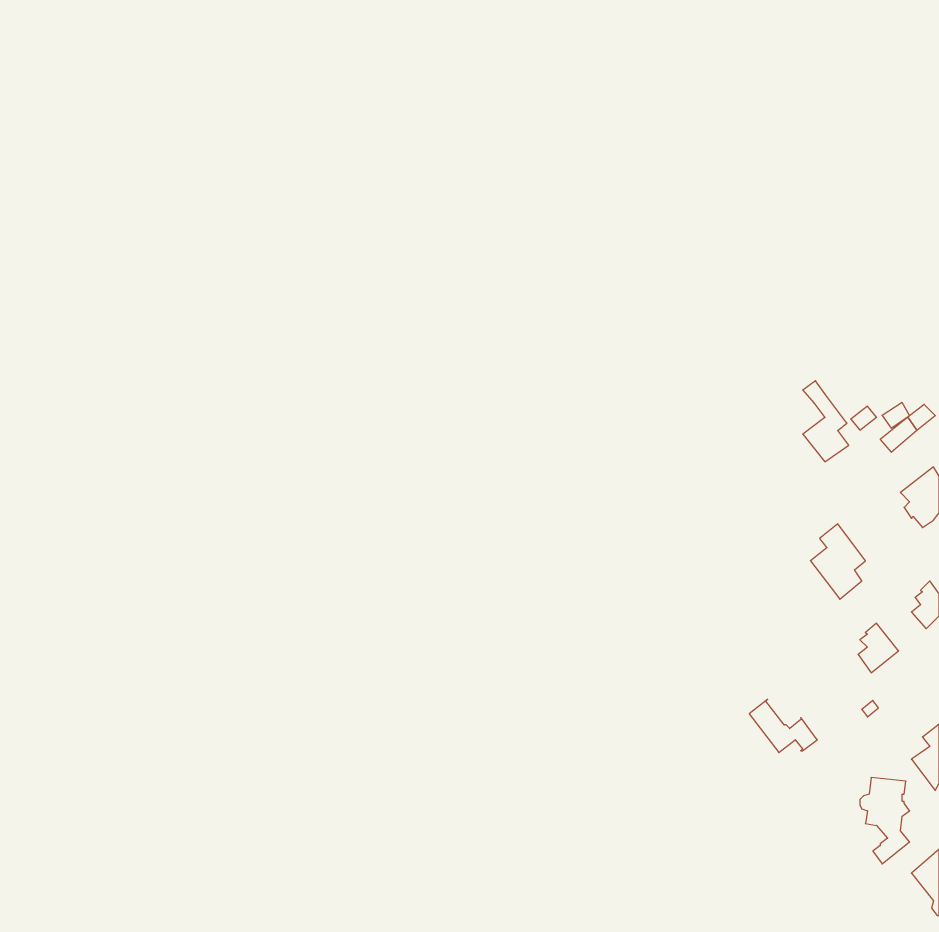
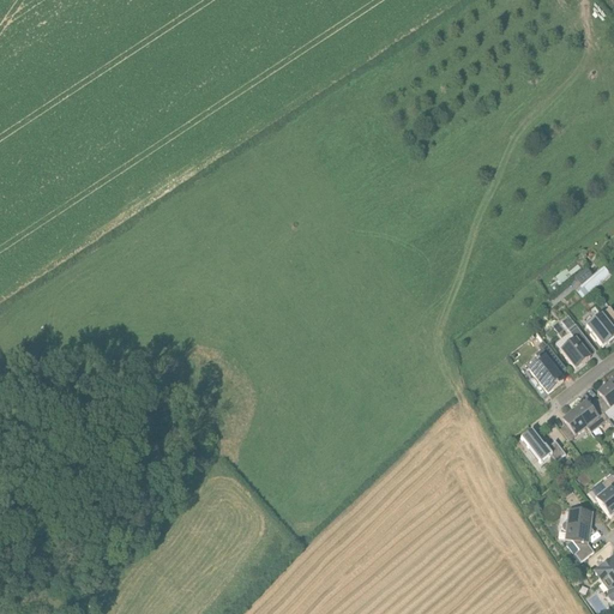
building: [803,381,849,462] -> [560,313,590,366]
building: none -> [572,399,608,431]
building: [749,699,817,753] -> [520,426,565,460]

